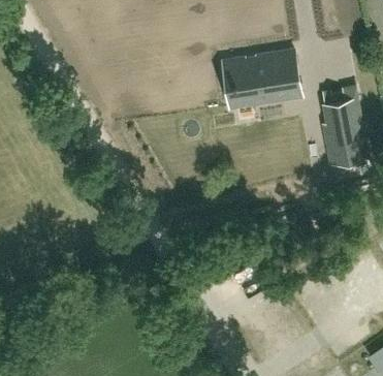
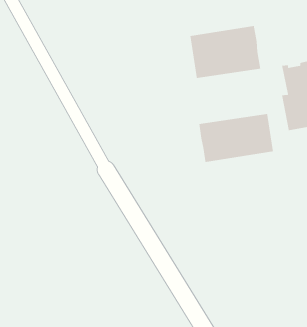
building: none -> [199,113,274,163]

